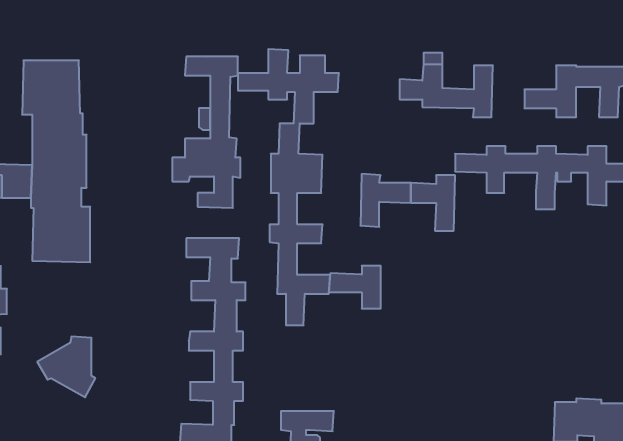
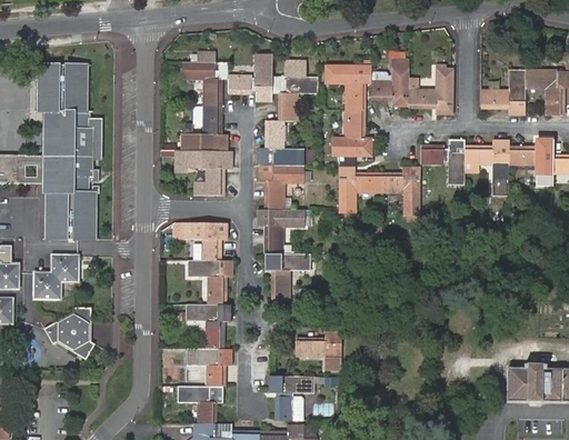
building: none -> [325,66,370,156]
building: [329,266,381,309] -> [293,330,339,368]
building: none -> [41,258,84,300]

